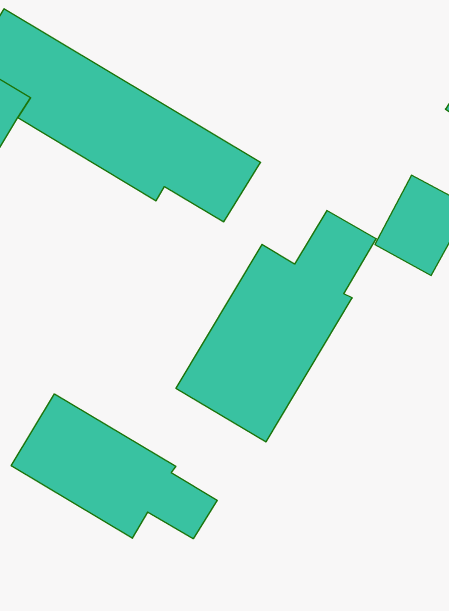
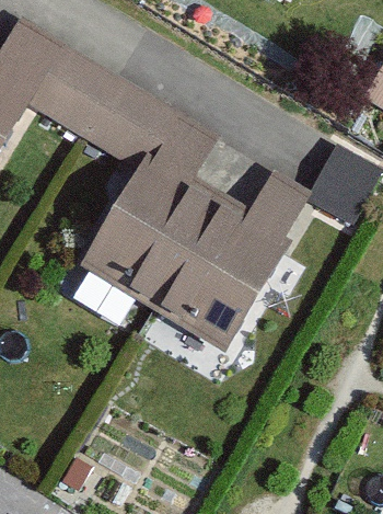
building: none -> [77,155,219,311]
building: [11,394,217,539] -> none

